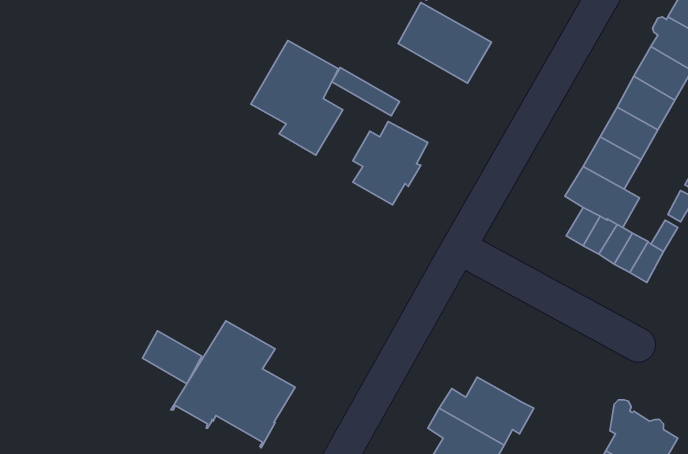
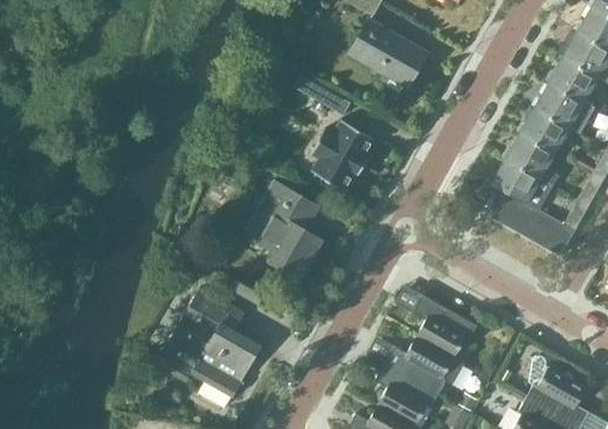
building: [251,41,343,155] -> [244,183,322,280]
building: none -> [413,295,478,358]
building: [143,331,202,384] -> none

